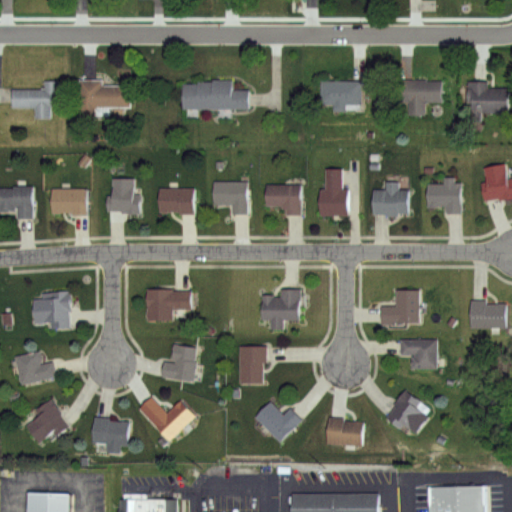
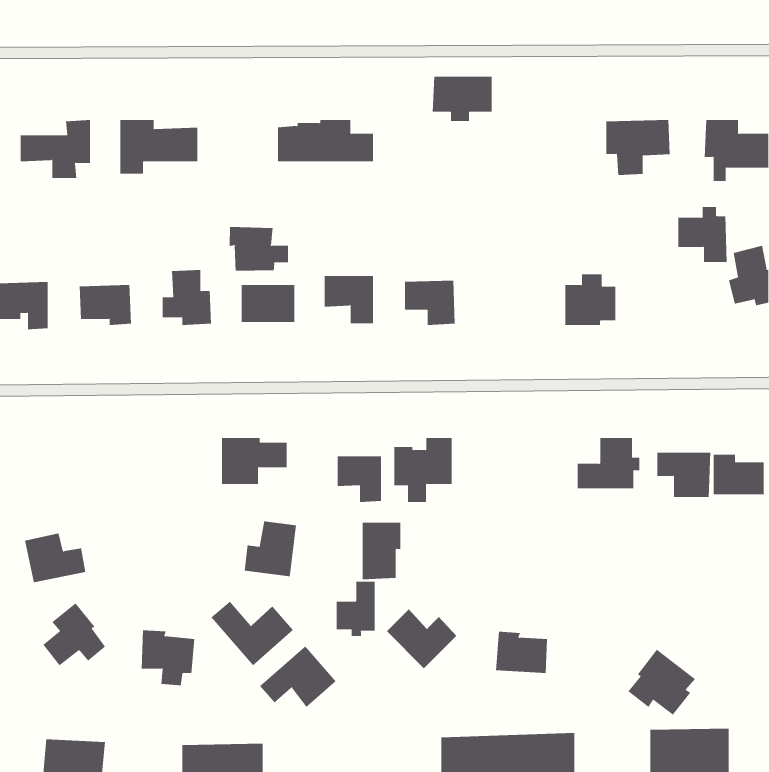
building: [320,82,360,112] -> [432,76,492,121]
building: none -> [229,226,288,271]
building: [320,169,347,216] -> none
building: [428,178,461,215] -> [678,207,728,263]
building: [35,293,71,330] -> none
building: none -> [337,455,382,503]
building: [400,340,436,370] -> [657,452,711,498]
building: none -> [336,581,375,637]
building: [386,389,431,433] -> [628,649,696,715]
building: none -> [259,645,337,708]

